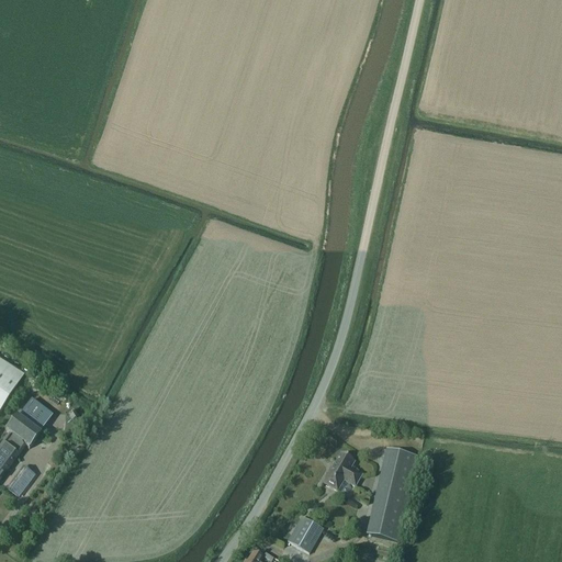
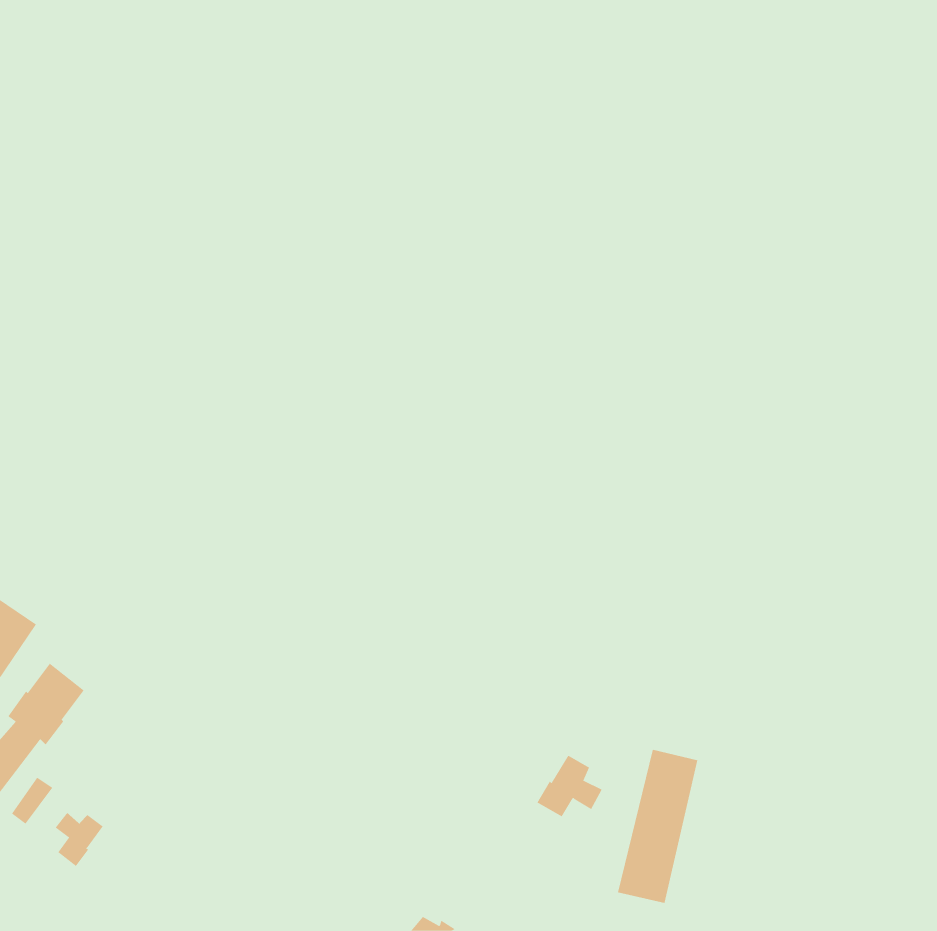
building: none -> [55,812,103,867]
building: [286,515,322,551] -> none

